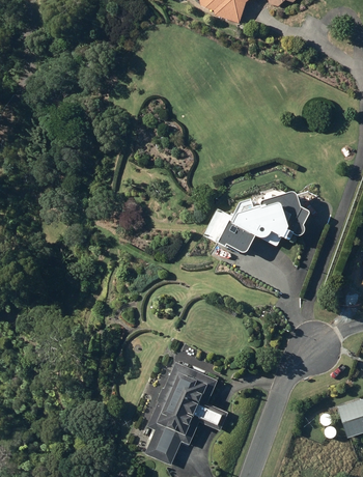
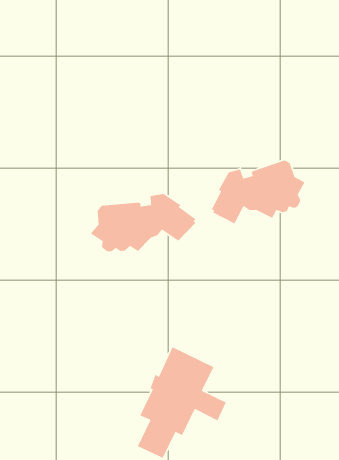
building: none -> [90,193,197,252]

